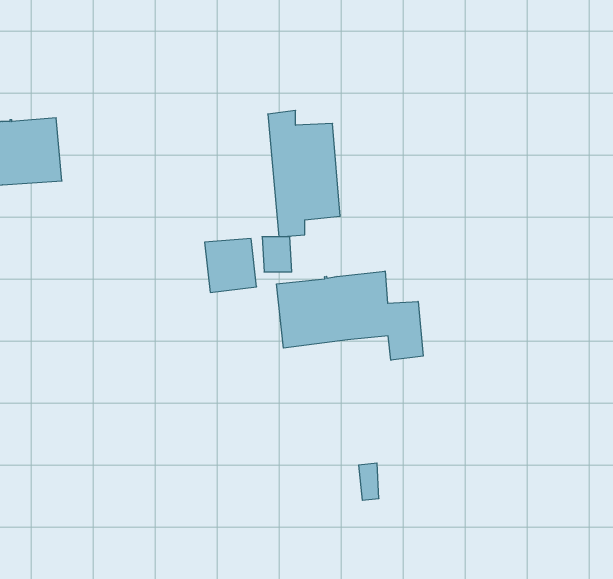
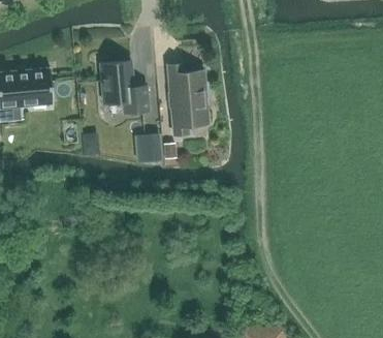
building: none -> [100,61,149,113]
building: [277,271,423,360] -> none

